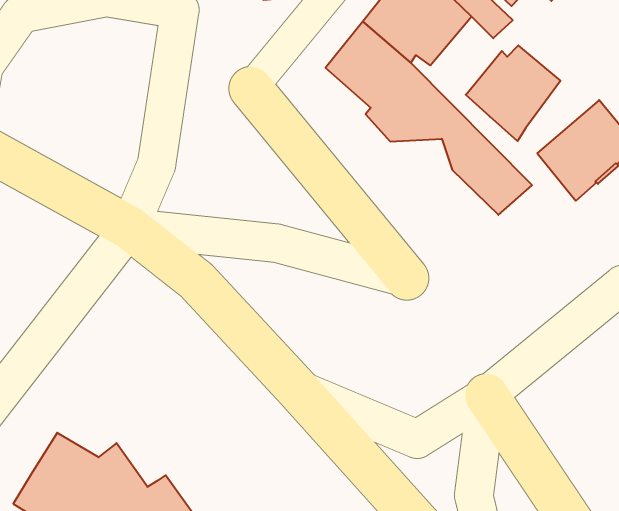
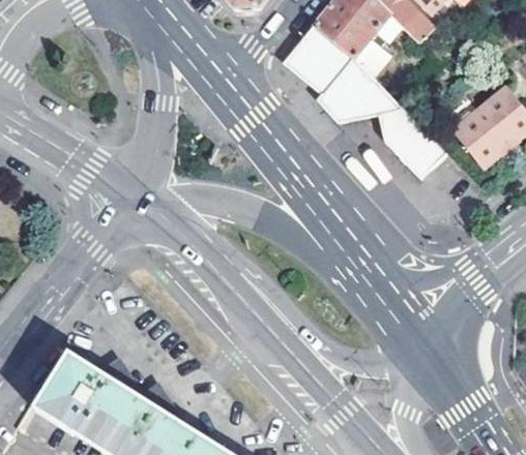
building: [466,45,560,141] -> none

